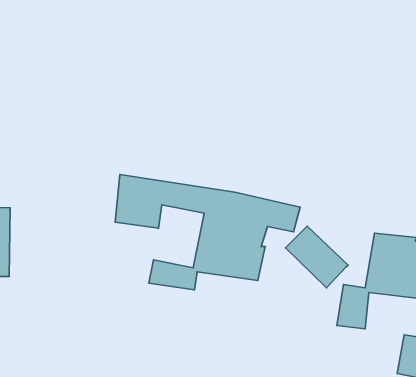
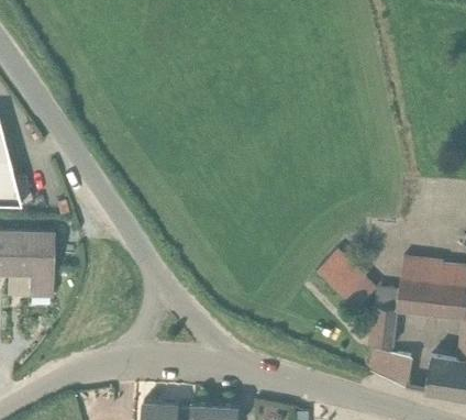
building: [115,175,300,290] -> none
building: none -> [369,351,412,387]

